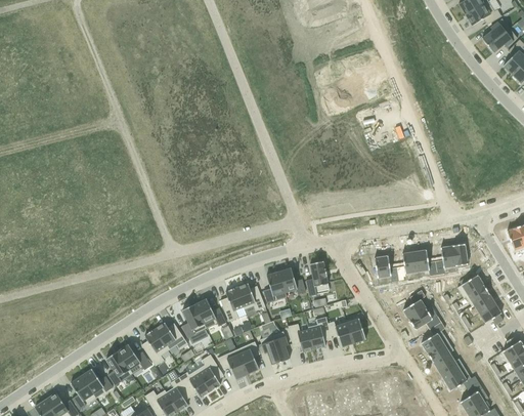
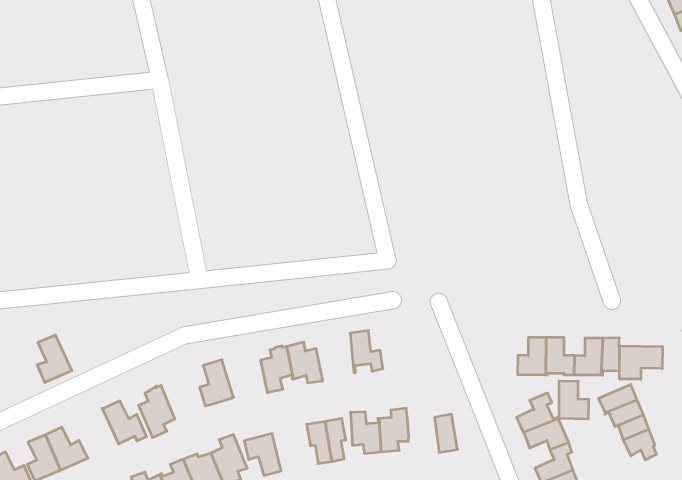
building: none -> [620,346,662,379]
building: [374,256,398,284] -> [559,381,589,419]
building: [305,261,329,296] -> none
building: [263,272,286,303] -> none
building: [193,298,225,329] -> none
building: [328,320,353,347] -> none
building: [155,323,187,350] -> none
building: [236,341,260,374] -> none
building: [105,351,132,385] -> [37,335,72,383]

